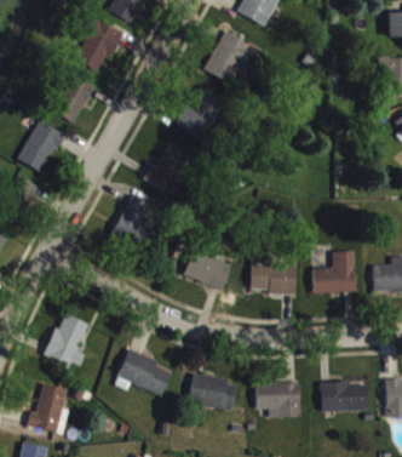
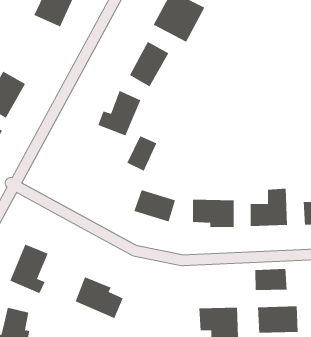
building: [51,74,92,124] -> none
building: [115,195,149,235] -> [127,136,157,171]
building: none -> [255,268,287,291]
building: [189,376,237,410] -> none

